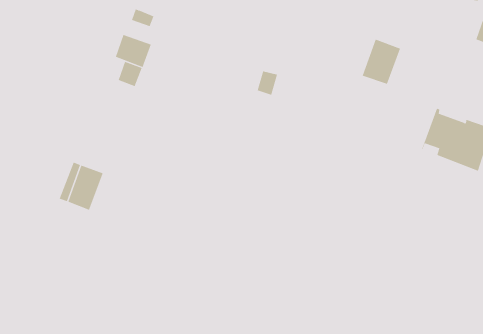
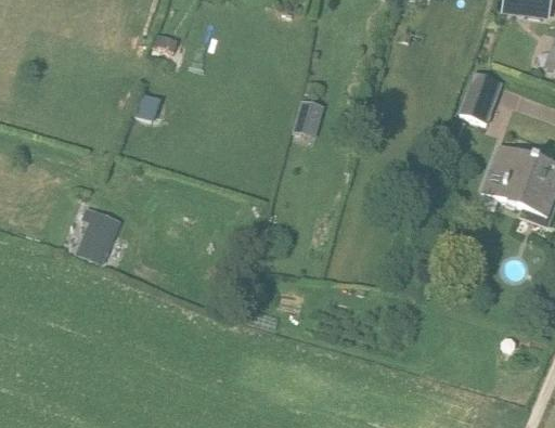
building: [115,34,152,68] -> none
building: [362,39,401,85] -> [460,72,504,124]

